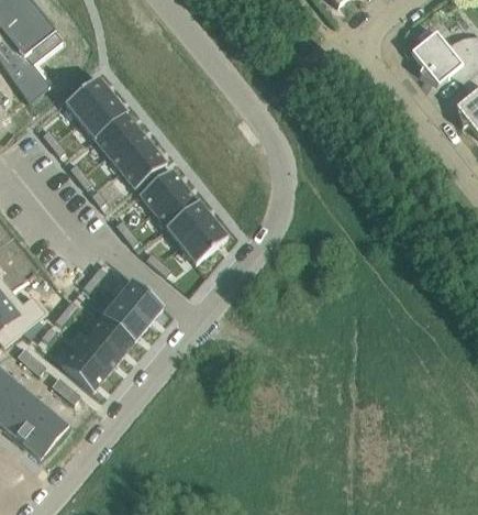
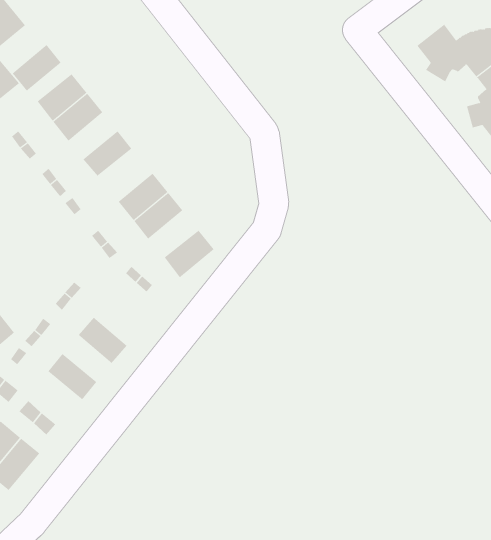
building: [93,111,138,154] -> [12,44,61,92]
building: [120,144,166,187] -> none
building: [166,200,212,243] -> none
building: [116,278,163,324] -> none
building: [88,314,133,357] -> none
building: [60,347,107,391] -> none

